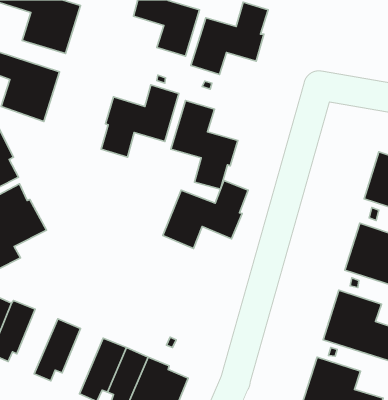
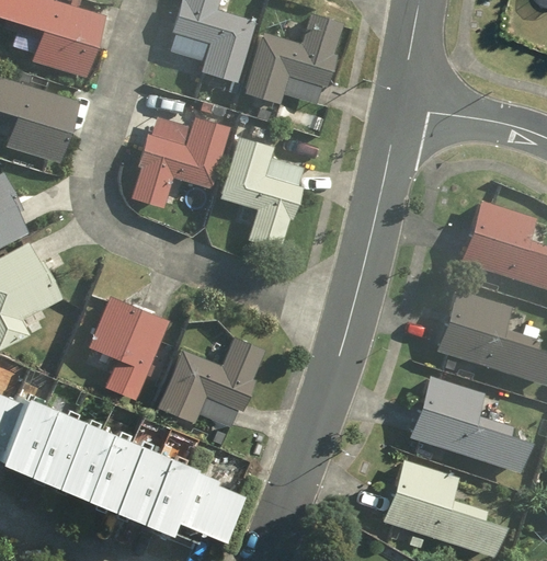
building: [163,181,248,248] -> [157,339,264,424]
building: none -> [89,298,168,399]
building: none -> [25,401,77,482]
building: none -> [82,425,134,507]

